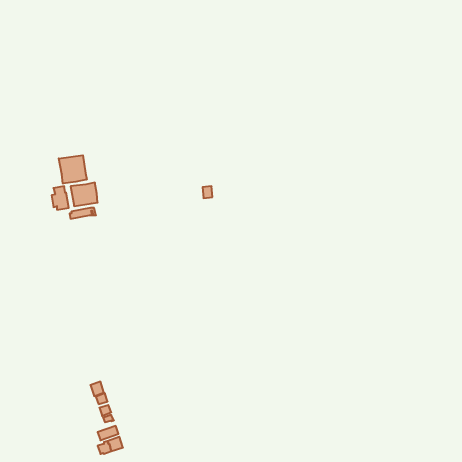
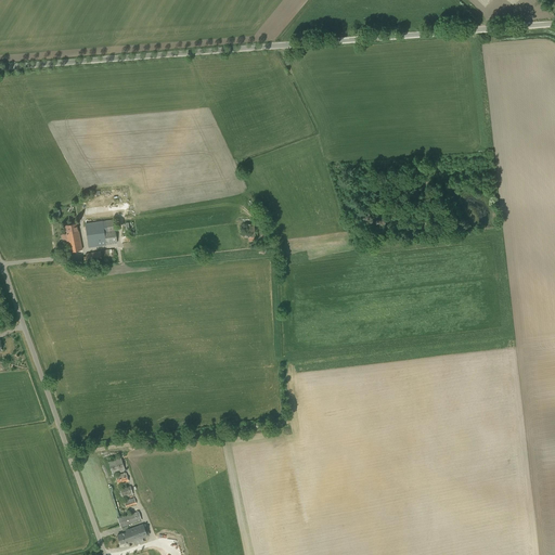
building: [59,155,87,184] -> none

